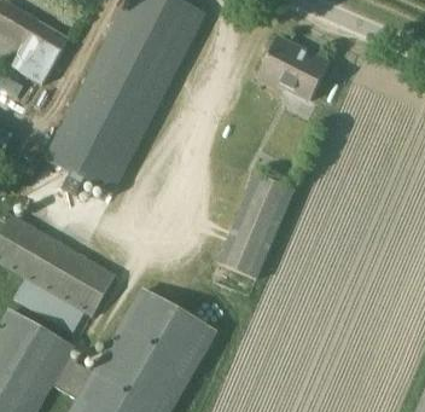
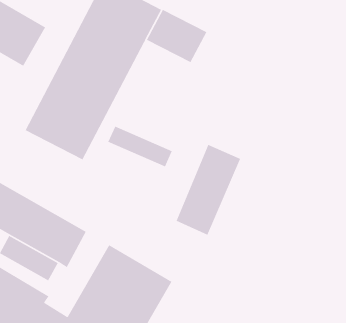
building: [258,36,330,99] -> [146,9,207,63]
building: none -> [107,126,173,167]

